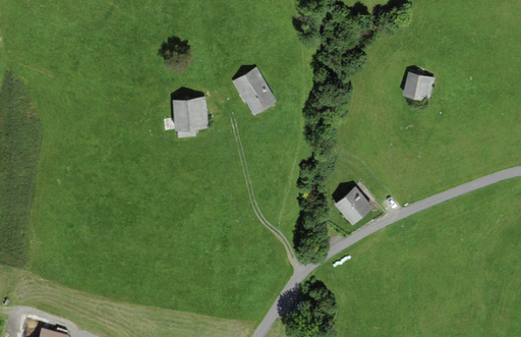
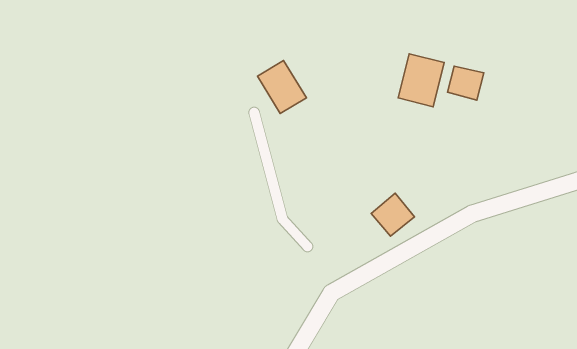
building: none -> [398,54,444,107]
building: [172,97,208,131] -> none

